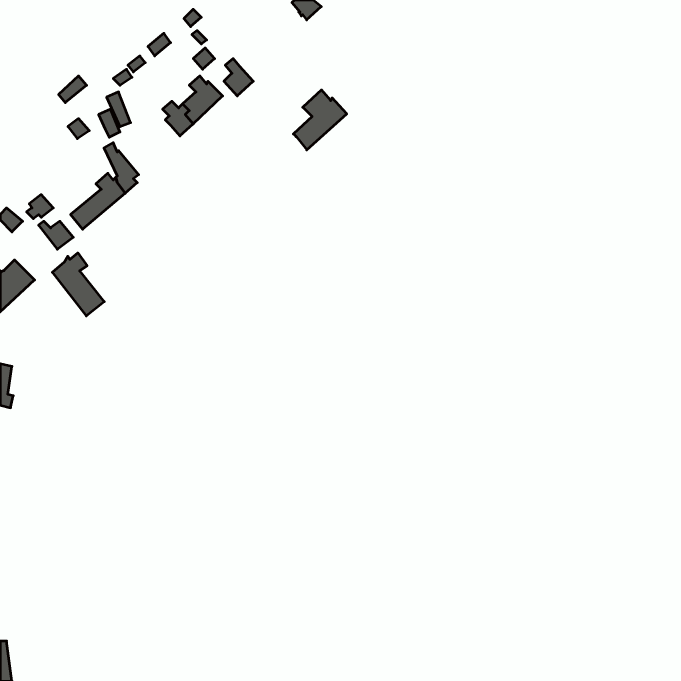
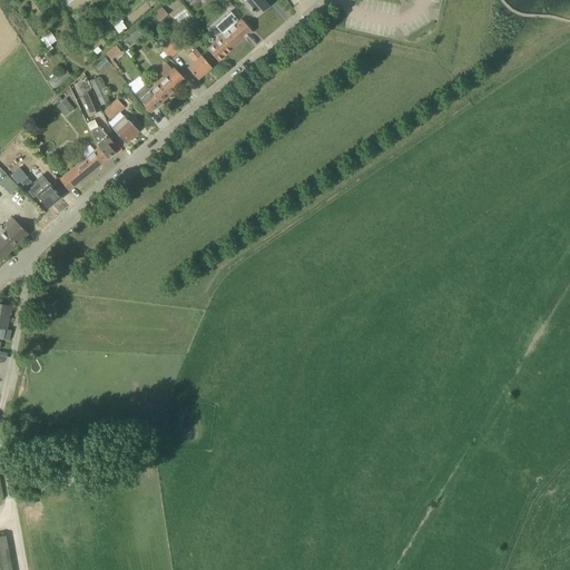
building: [293,90,347,150] -> [207,12,252,62]
building: none -> [104,99,139,144]
building: [52,253,104,316] -> none

